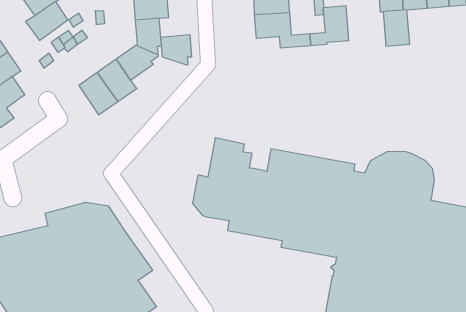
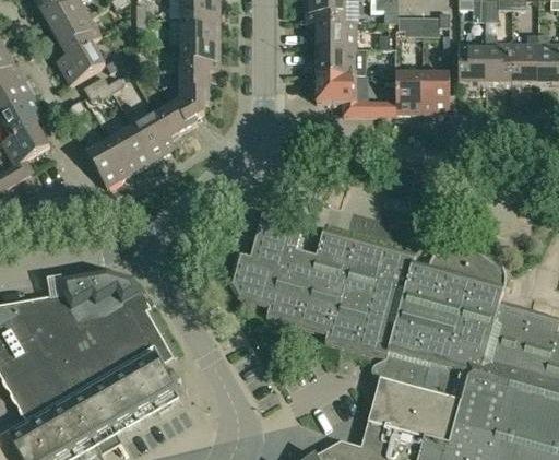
building: [383,10,410,46] -> [420,74,448,114]
building: [161,35,191,65] -> none
building: none -> [86,140,130,188]

